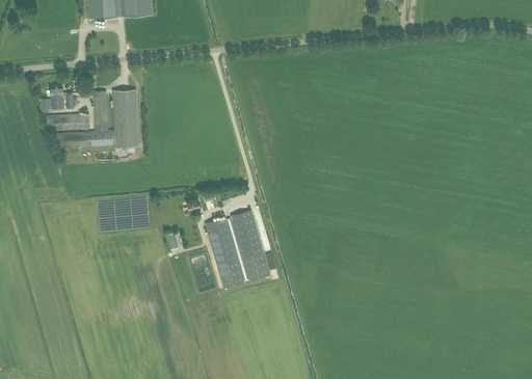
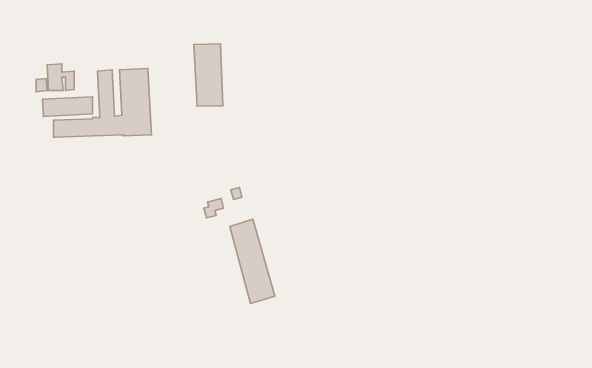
building: none -> [194,44,223,106]
building: [230,209,269,279] -> none

